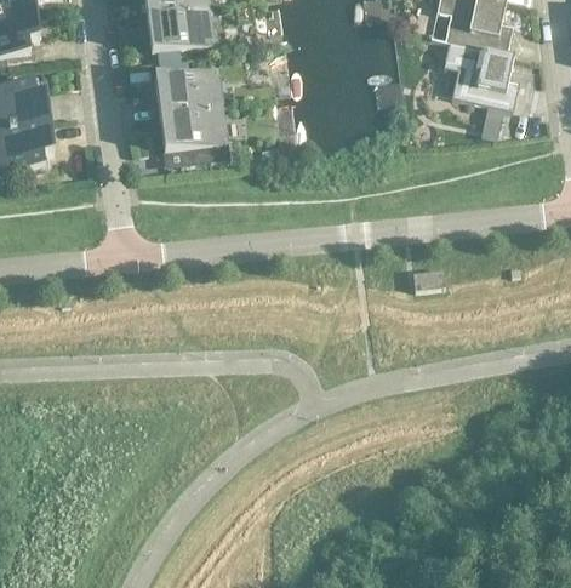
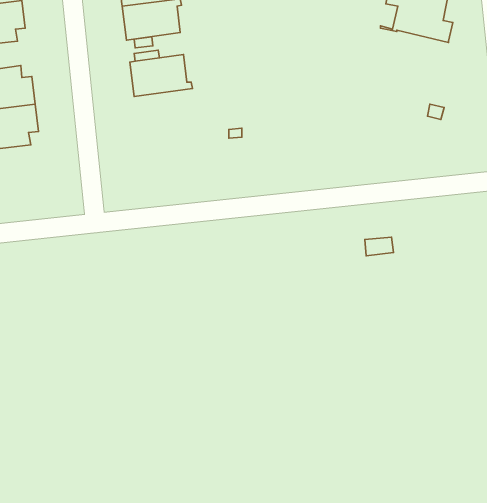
building: [438,36,518,105] -> none
building: [159,101,229,160] -> none

